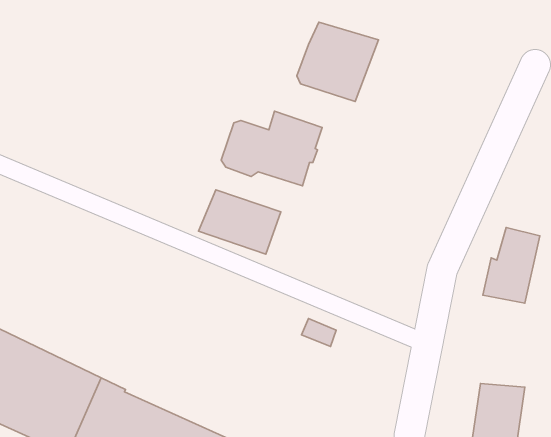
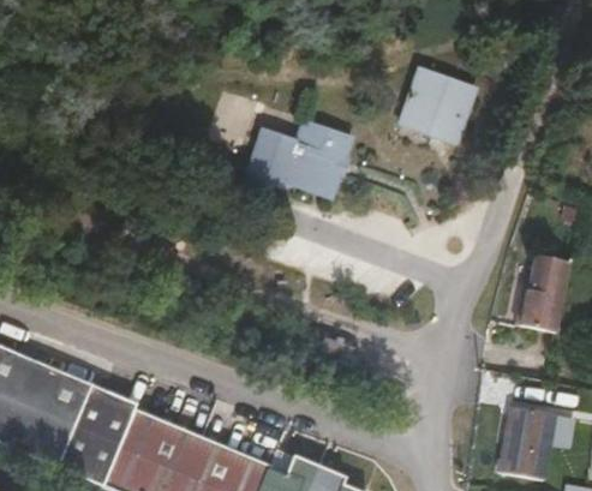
building: [297,22,378,101] -> [403,66,488,148]
building: [198,190,281,254] -> none

